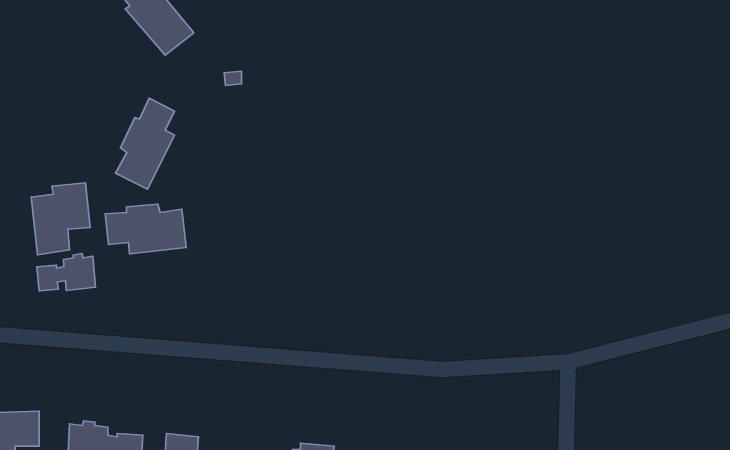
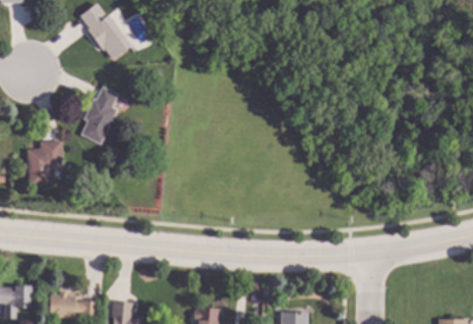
building: [105,204,186,254] -> none
building: [37,253,95,291] -> none

